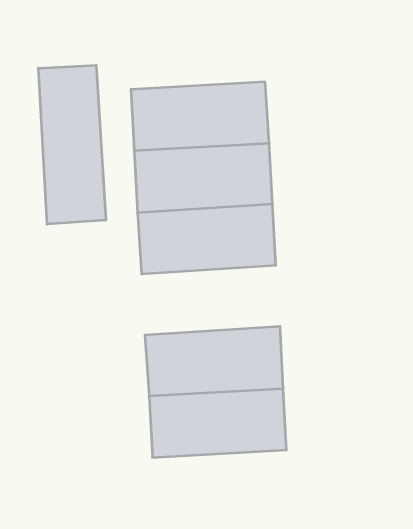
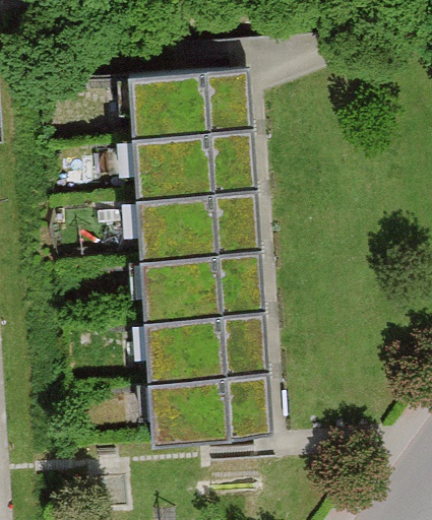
building: [38,65,106,224] -> none
building: none -> [138,252,269,318]

